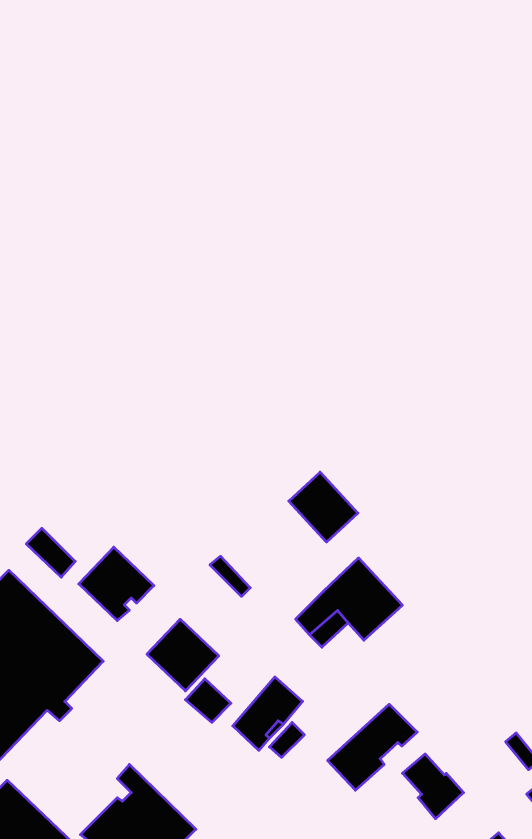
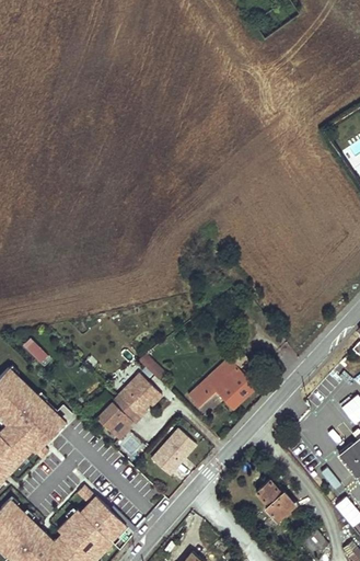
building: [289,472,358,542] -> none
building: [79,547,154,621] -> [117,374,164,420]
building: [328,704,417,790] -> none

